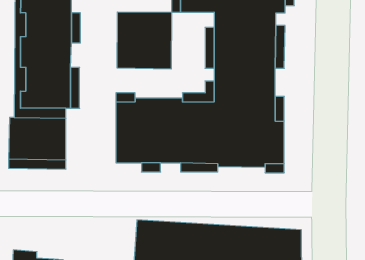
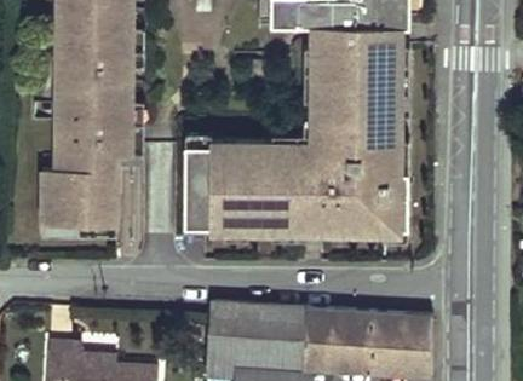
building: [117,12,171,69] -> none

